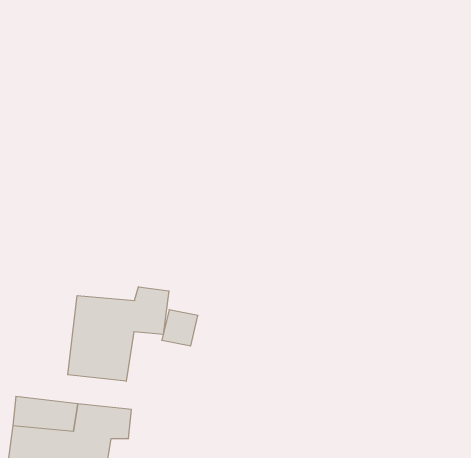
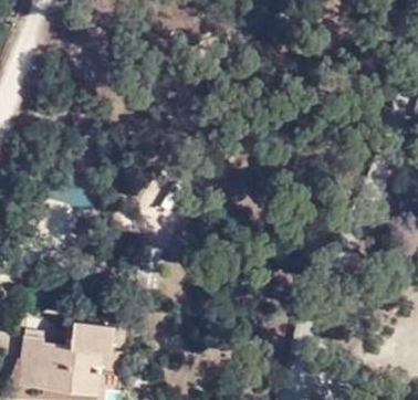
building: [68,287,169,381] -> none

